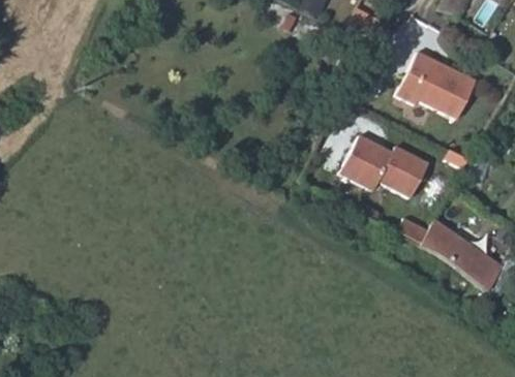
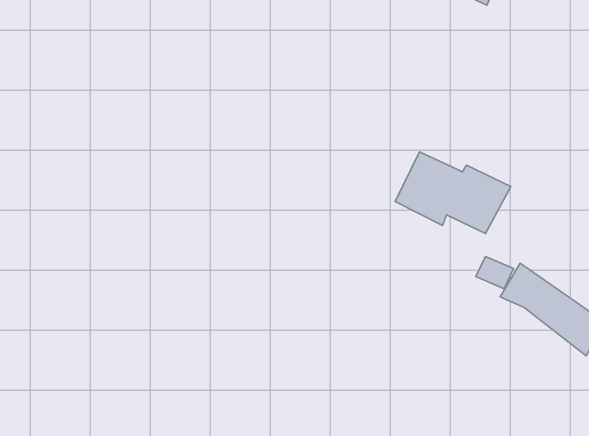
building: [399,50,477,118] -> none

